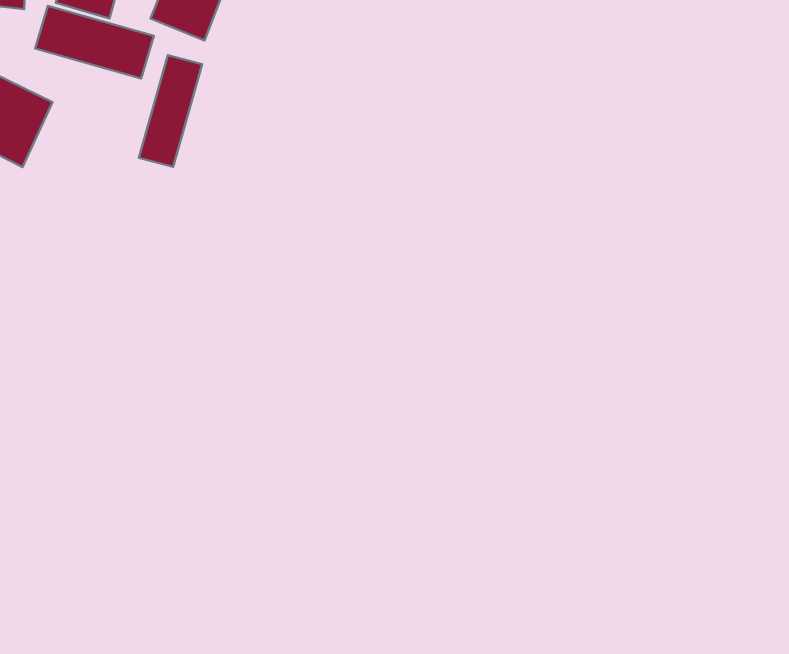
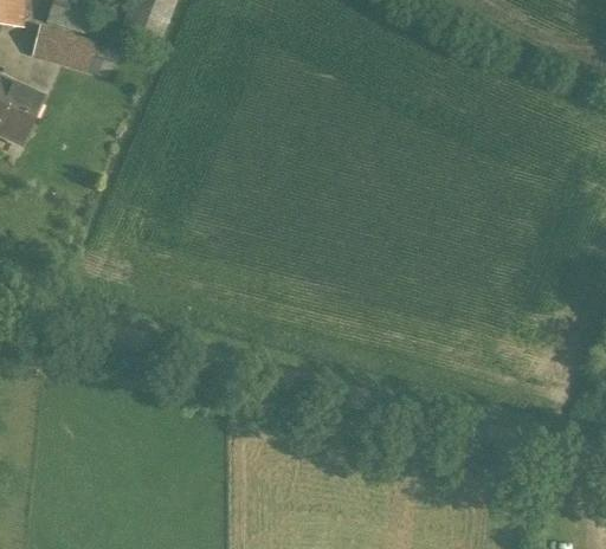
building: [139,55,202,167] -> none

